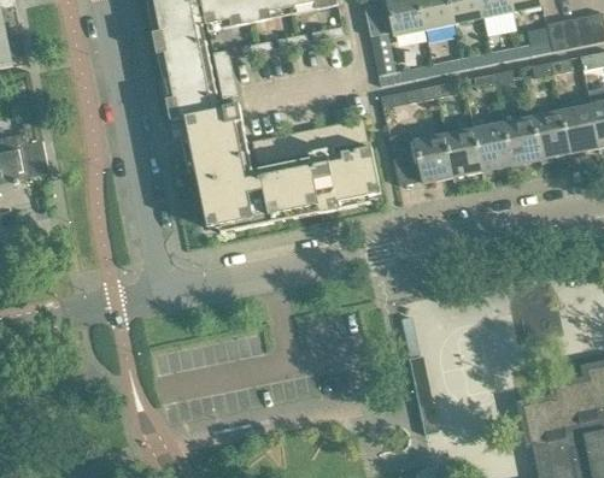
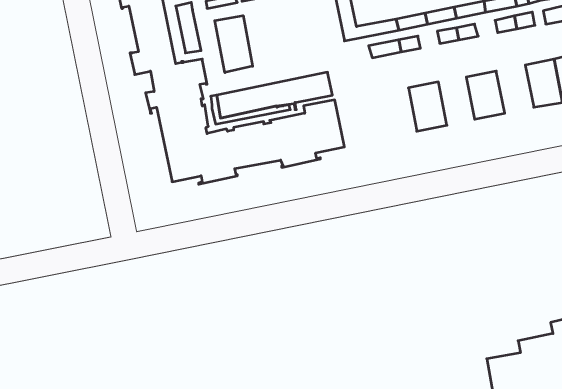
building: none -> [215,16,253,73]
building: [532,111,569,159] -> none
building: [474,123,510,171] -> none
building: [388,134,452,183] -> none

